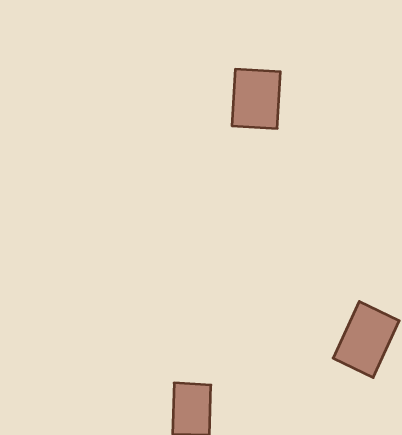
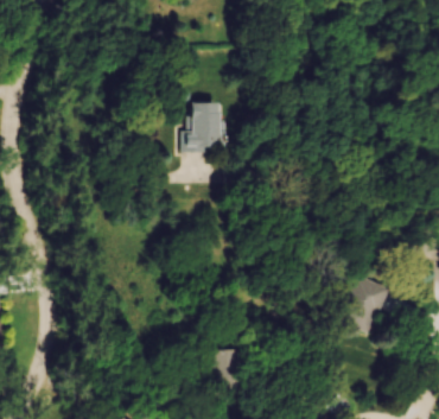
building: [232,69,280,128] -> [185,102,223,150]

